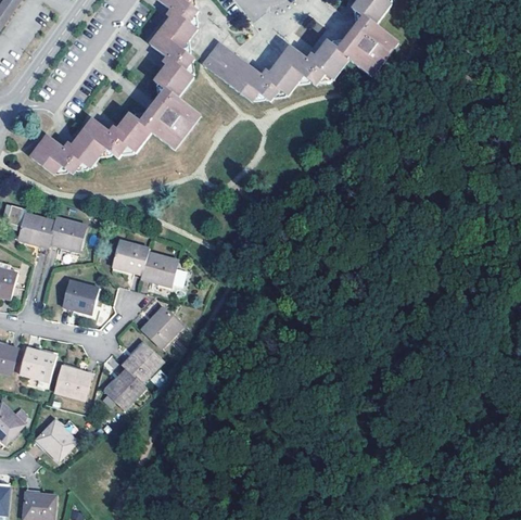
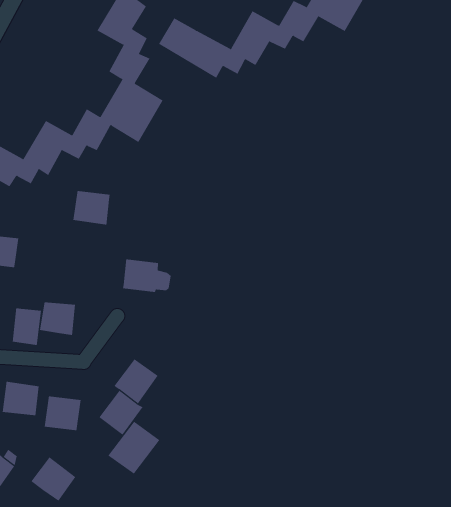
building: [48,216,84,250] -> none
building: [111,239,148,274] -> [73,190,110,225]
building: none -> [12,308,42,346]
building: [140,305,180,346] -> none
building: none -> [108,421,160,474]

